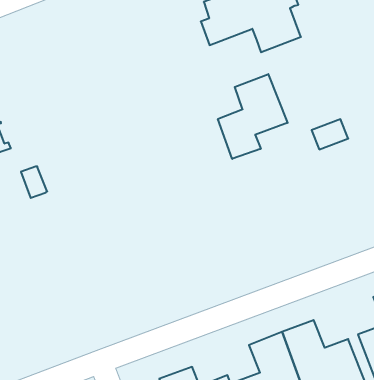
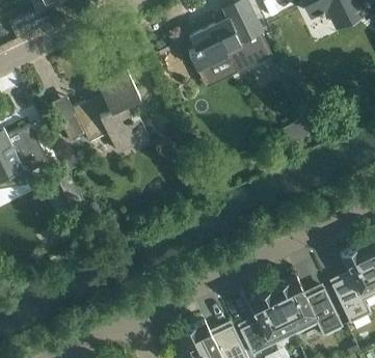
building: none -> [61,71,149,150]
building: [218,74,288,159] -> none

